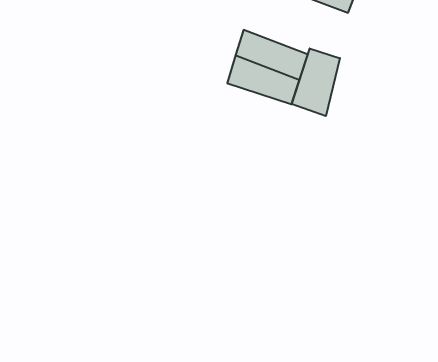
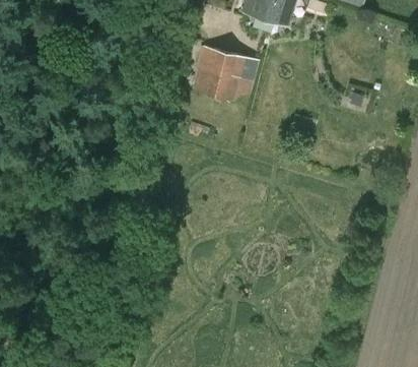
building: [292,48,340,116] -> none

